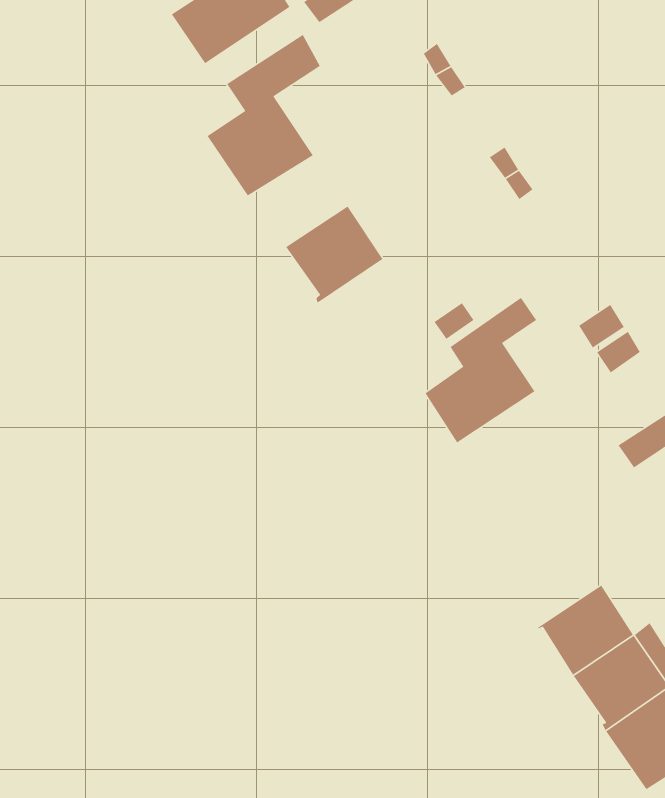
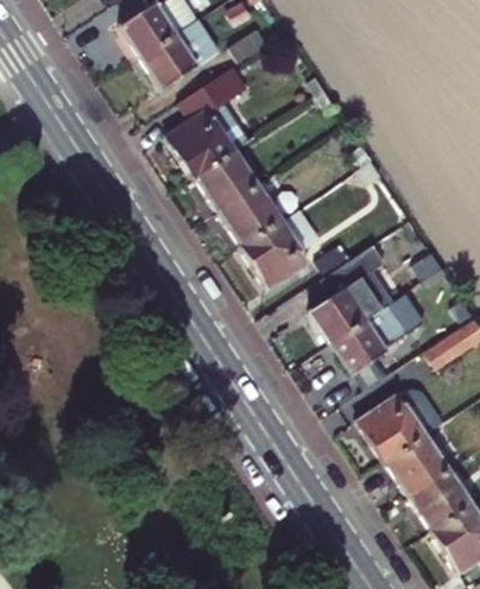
building: none -> [192,150,259,210]
building: none -> [239,218,309,287]
building: none -> [331,304,410,374]
building: none -> [356,392,428,463]

